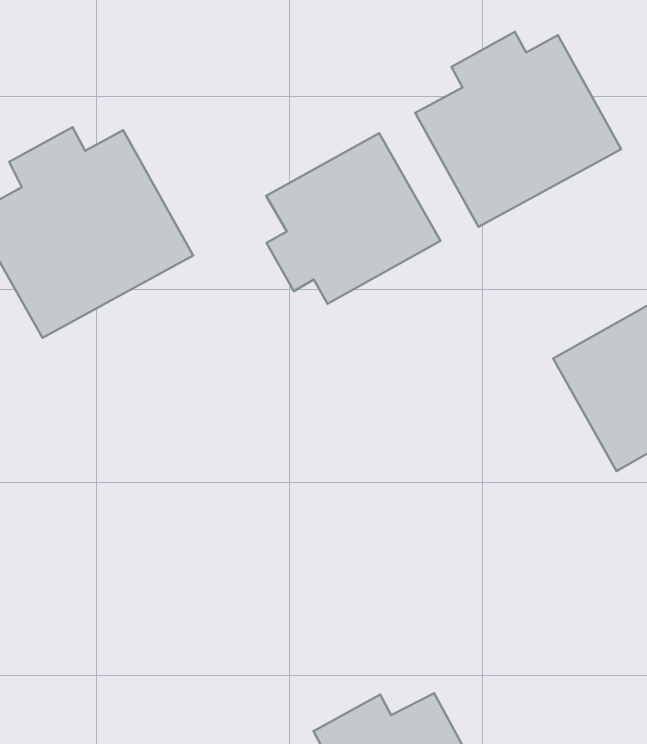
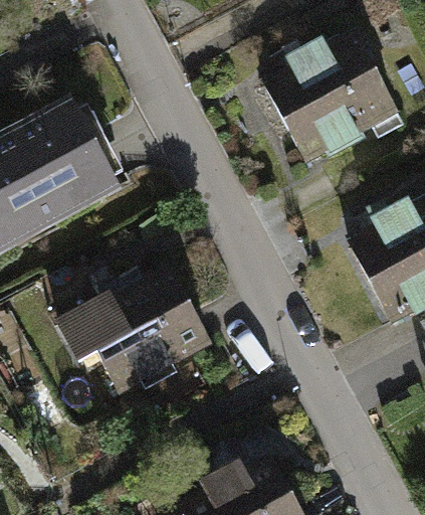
building: [266,133,441,304] -> none
building: none -> [59,273,212,397]

